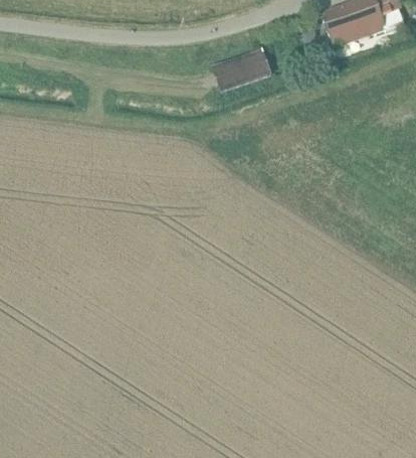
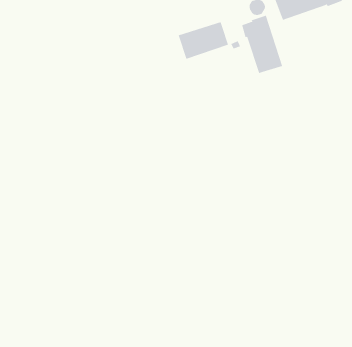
building: none -> [241,15,283,74]

